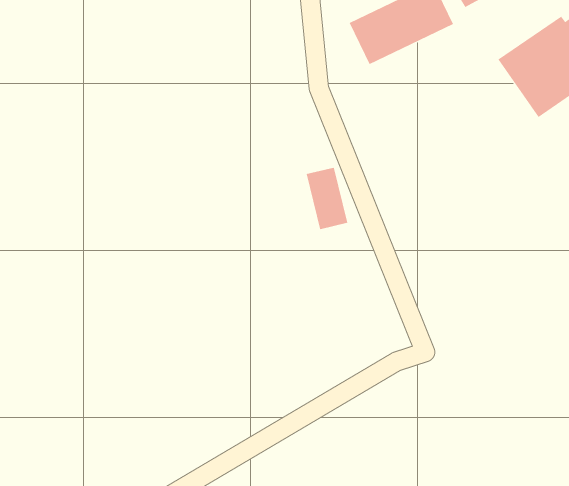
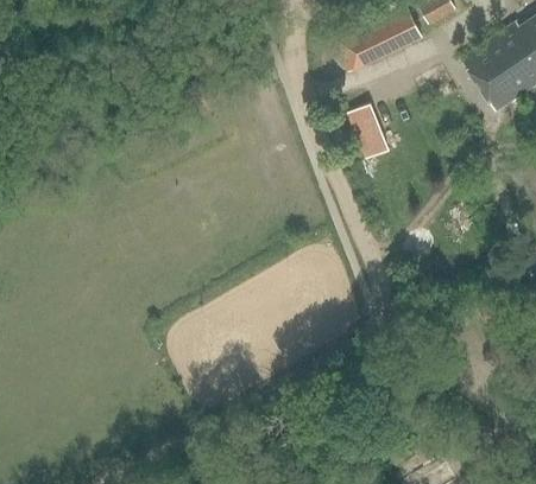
building: [306,167,348,230] -> [351,101,387,155]

